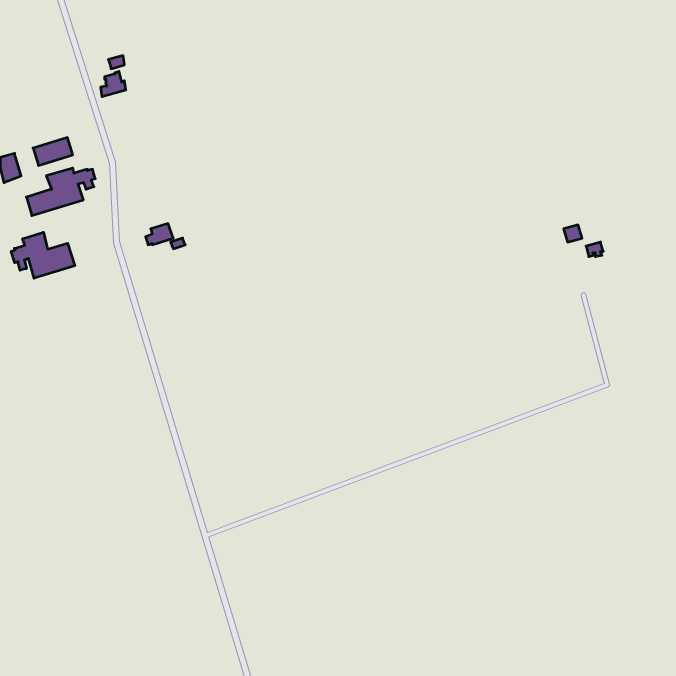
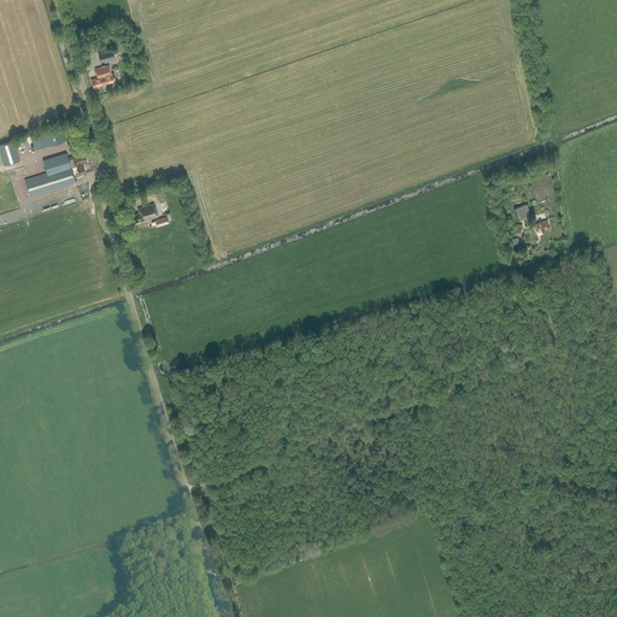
building: [11,232,75,278] -> none

